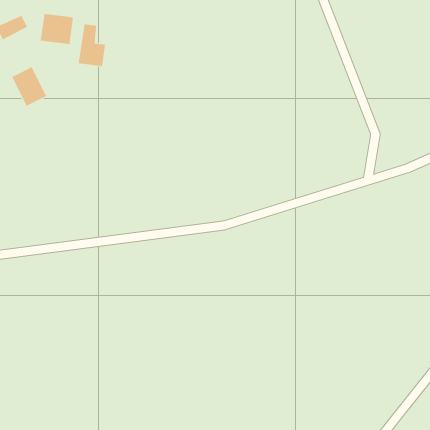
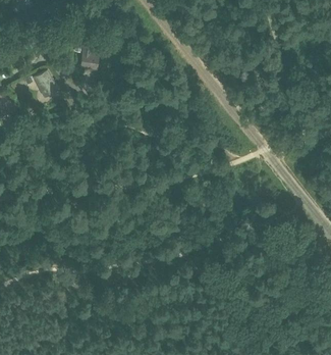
building: [40,13,73,45] -> none

